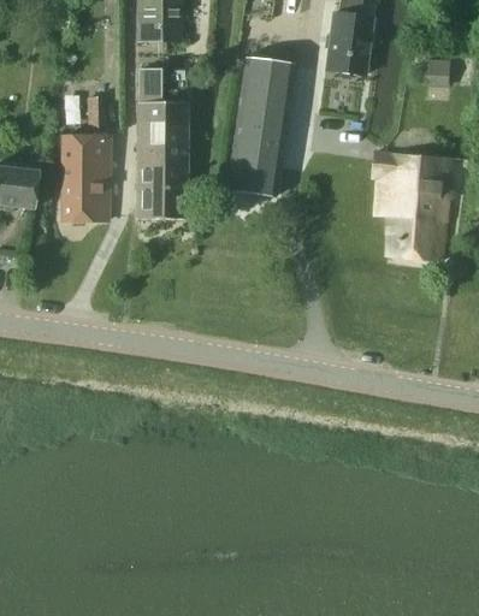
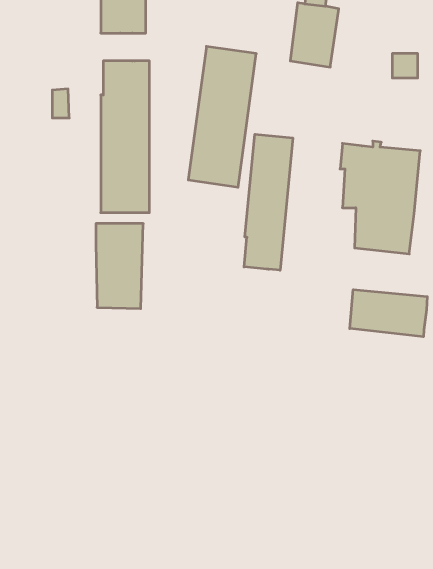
building: [64,135,111,219] -> [96,224,143,309]
building: none -> [244,134,293,270]
building: none -> [350,290,427,337]

